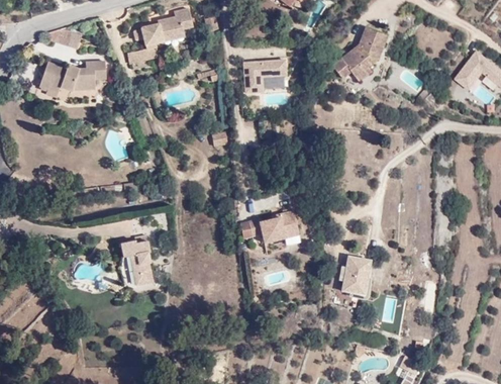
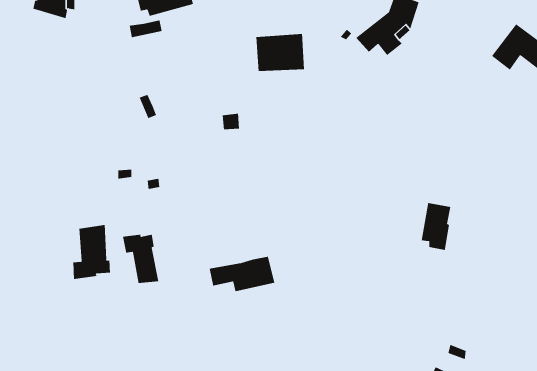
building: [30,59,97,95] -> none
building: [238,212,298,245] -> [209,256,275,292]
building: none -> [73,224,111,280]
building: [343,255,371,298] -> [421,202,451,251]

